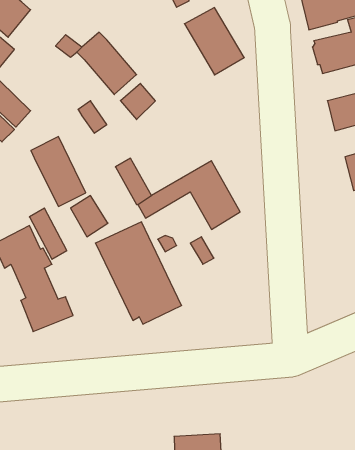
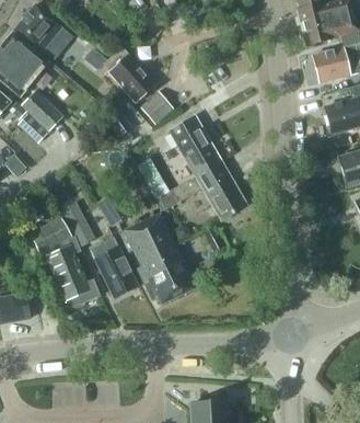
building: [184,8,244,75] -> [169,116,221,175]
building: [31,137,86,206] -> [90,237,138,298]

